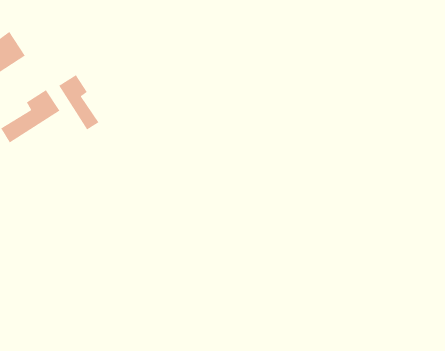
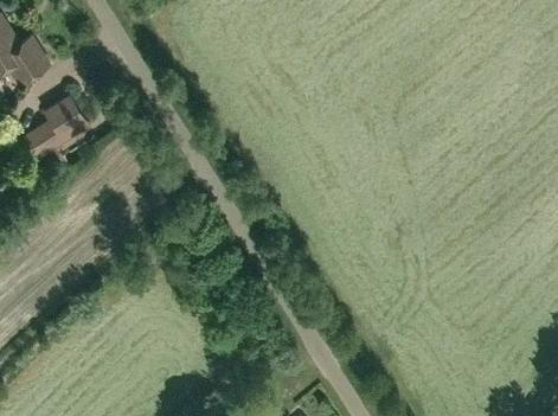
building: [58,74,99,130] -> none

